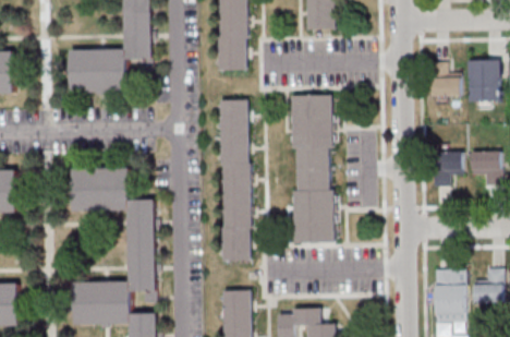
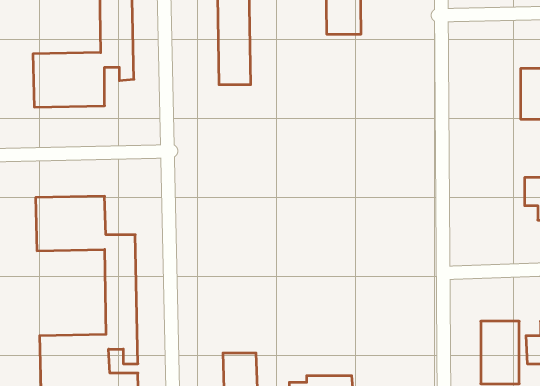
building: [430,72,460,96] -> none
building: [292,97,335,244] -> none
building: [220,103,250,264] -> none
building: [433,151,462,185] -> none

